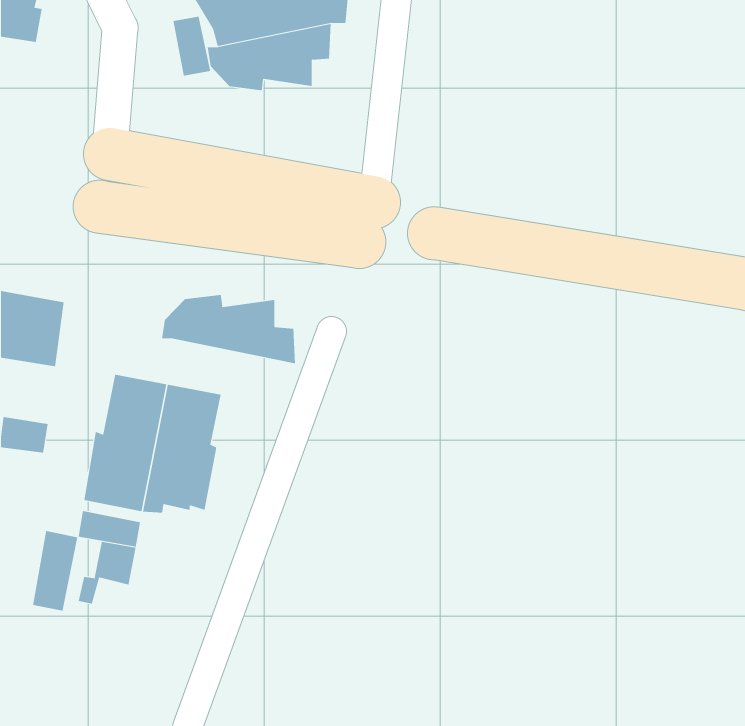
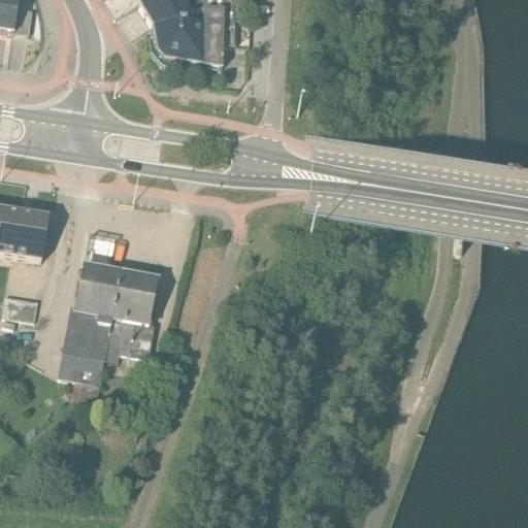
building: [173,16,211,77] -> none
building: [162,294,296,364] -> none
building: [33,530,78,611] -> none

